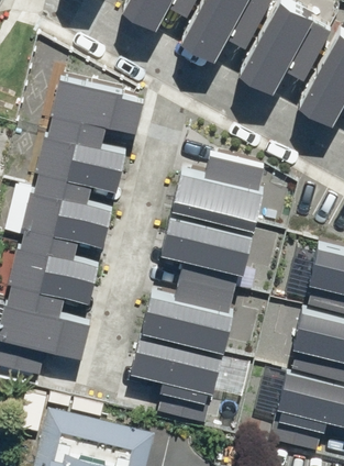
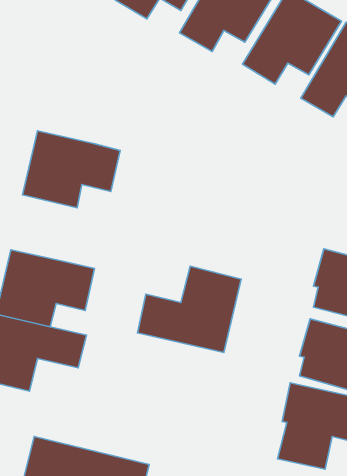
building: [46,80,141,145] -> none
building: [173,155,269,224] -> none
building: [21,193,113,256] -> none
building: [160,215,253,274] -> none
building: [132,336,223,425] -> none

